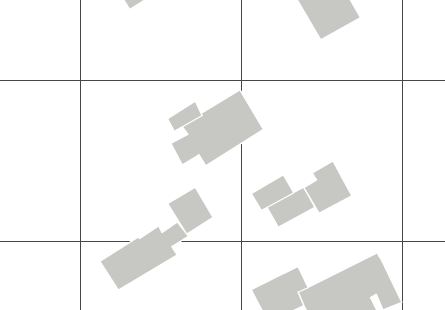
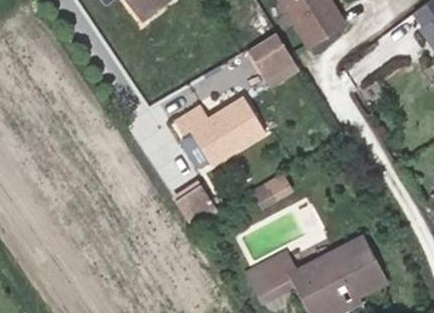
building: none -> [252,34,292,72]
building: [304,161,352,213] -> none
building: [100,222,188,290] -> none

